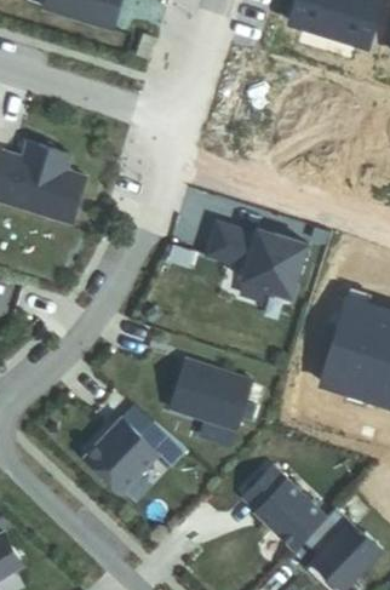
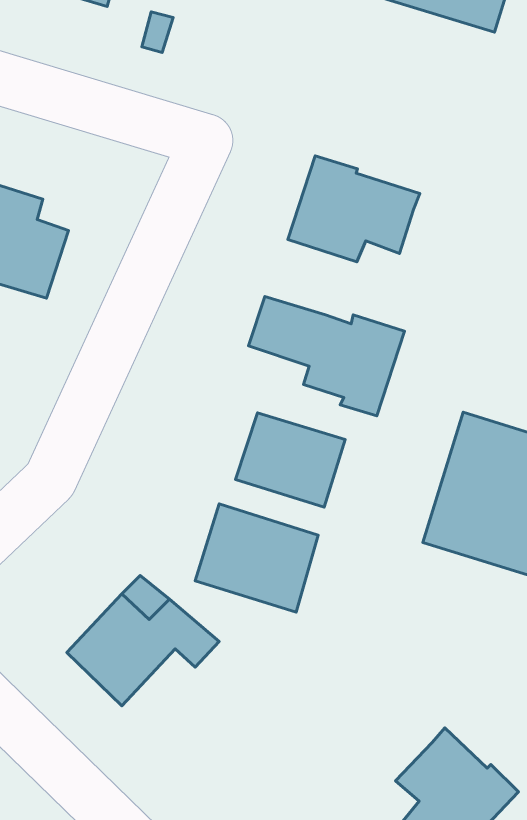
building: none -> [288,156,420,262]
building: none -> [235,413,345,507]
building: [243,466,326,549] -> none

